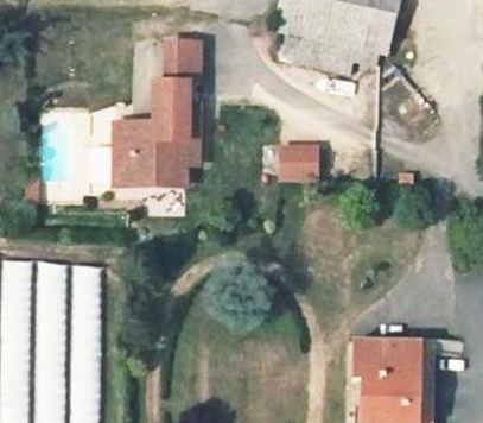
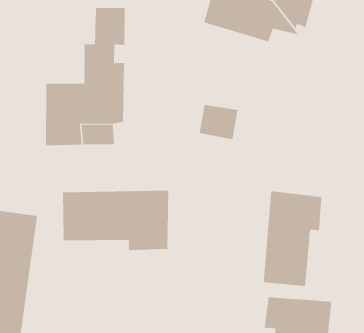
building: none -> [263,191,322,287]
building: none -> [63,190,169,251]

